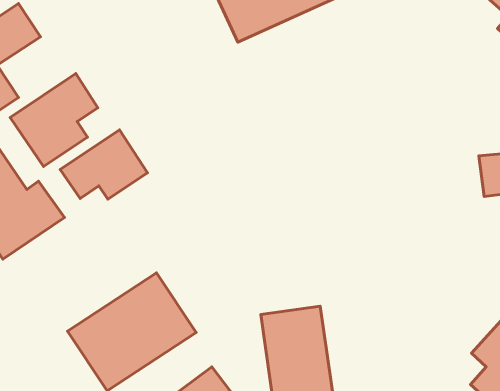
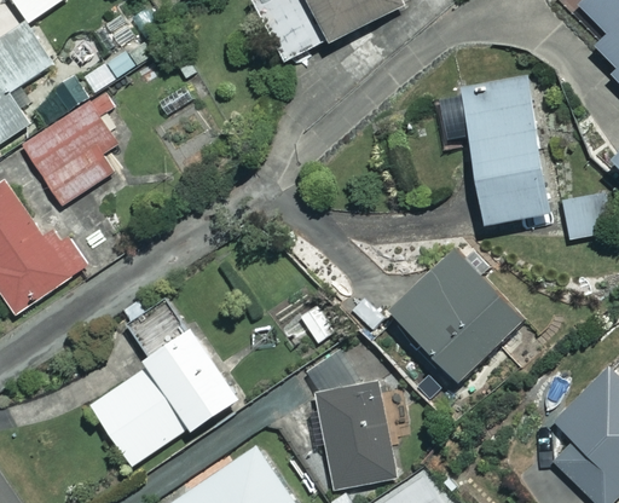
building: none -> [461,79,553,220]
building: [60,130,147,199] -> none
building: none -> [388,242,530,383]

